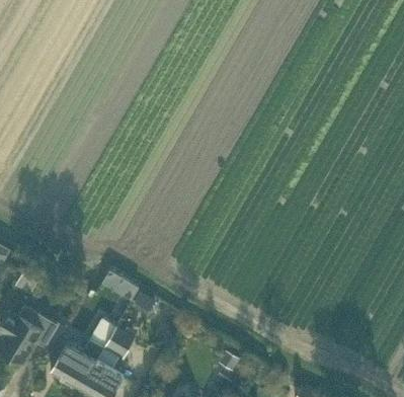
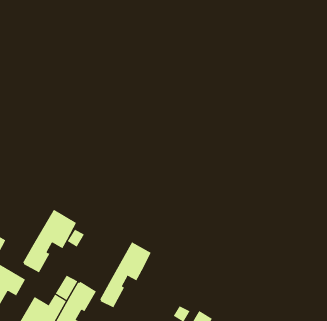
building: none -> [22,209,77,273]
building: none -> [99,241,151,308]

